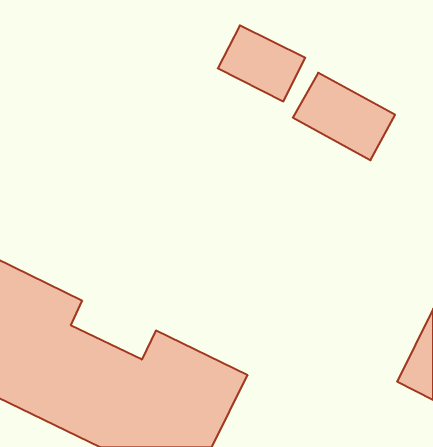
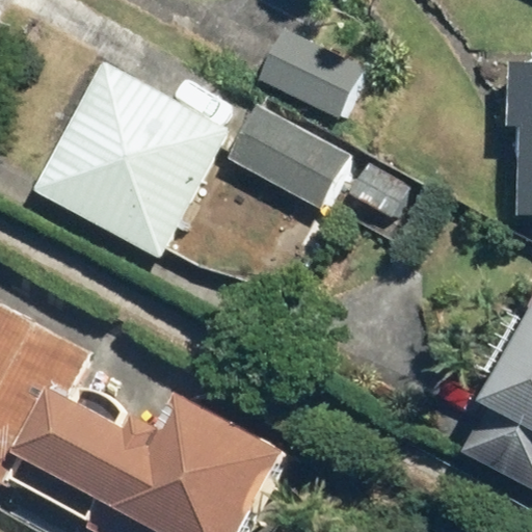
building: none -> [41,62,236,260]
building: [293,73,395,160] -> [228,106,349,210]

